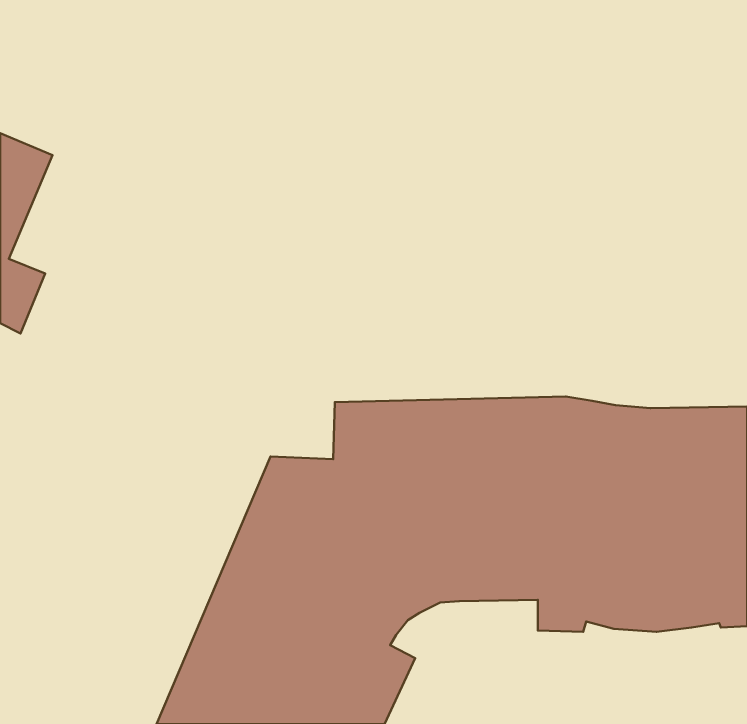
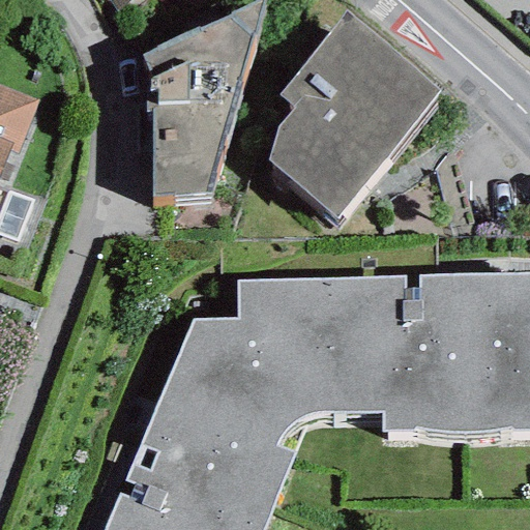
building: none -> [142,24,262,209]
building: none -> [267,38,438,236]

